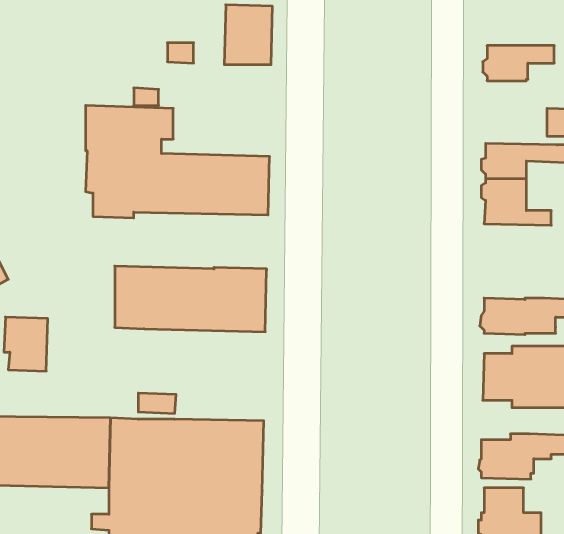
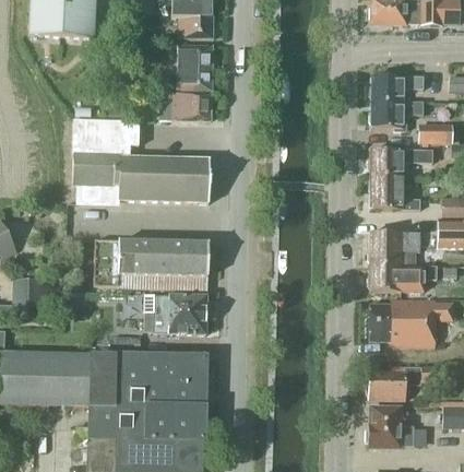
building: none -> [160,91,212,119]
building: none -> [370,99,425,129]
building: none -> [369,229,420,264]
building: none -> [145,294,207,333]

